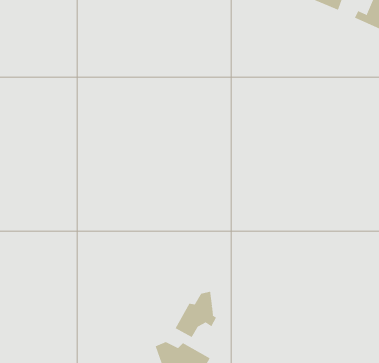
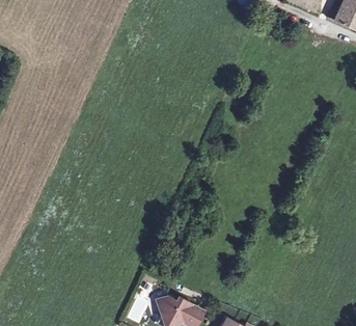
building: [175,291,217,338] -> none

